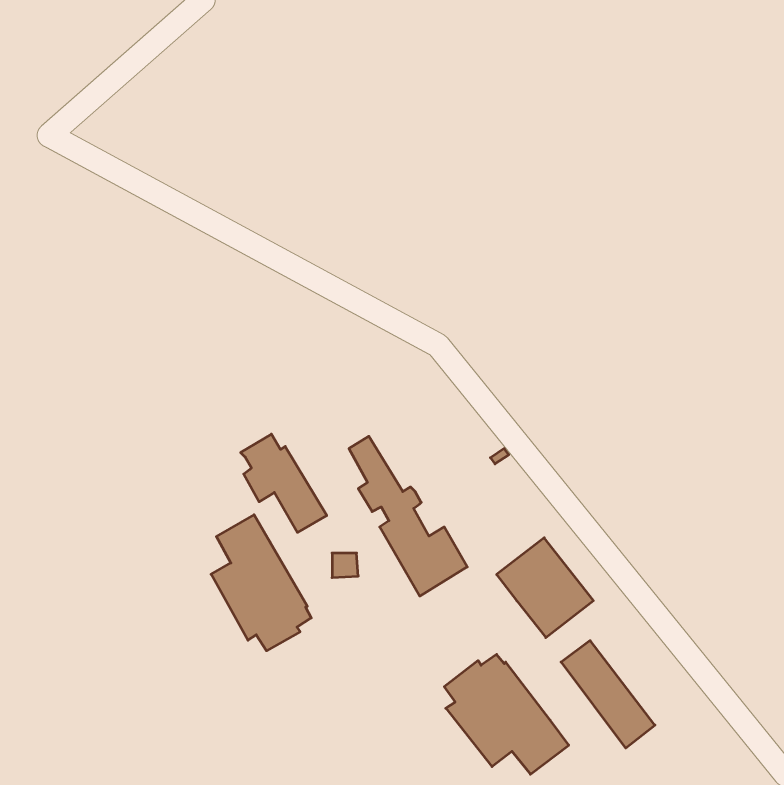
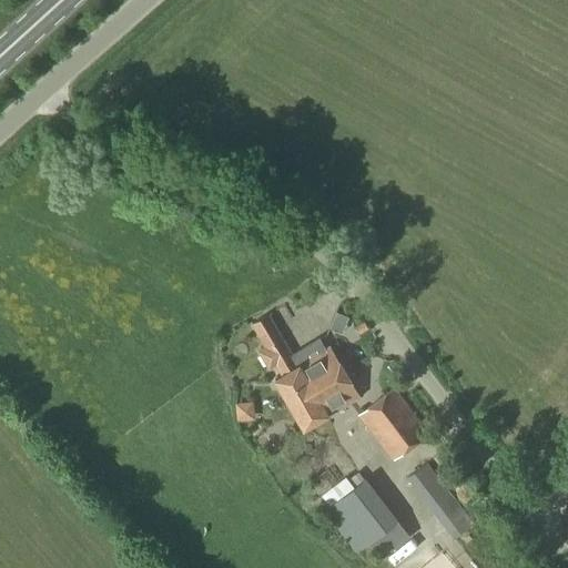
building: [241,434,327,532] -> [297,338,359,409]
building: [211,515,311,651] -> none

